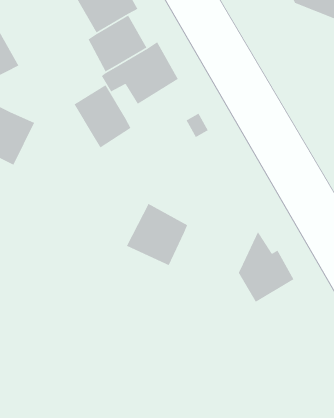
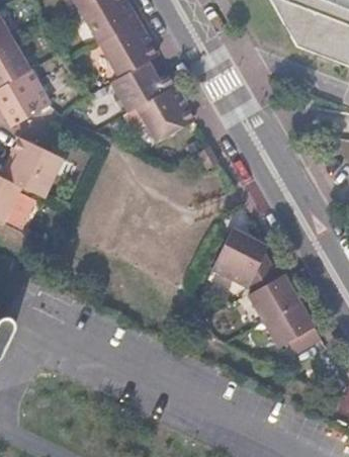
building: [73,84,132,149] -> none
building: [126,203,188,266] -> [211,226,268,284]
building: none -> [263,298,321,352]

